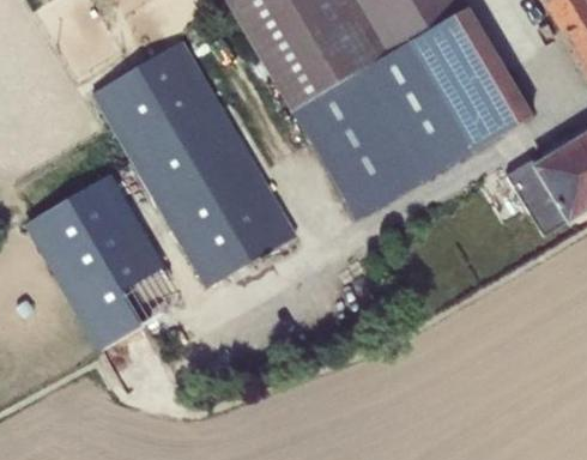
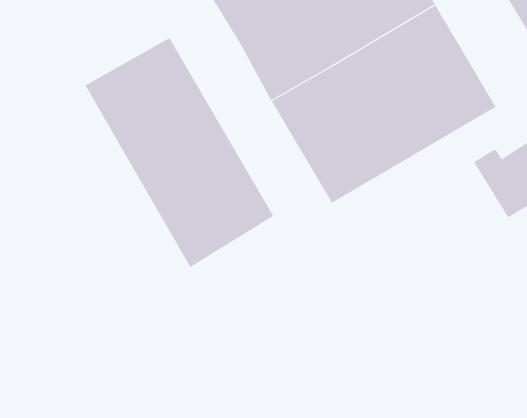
building: [24,174,183,347] -> none

